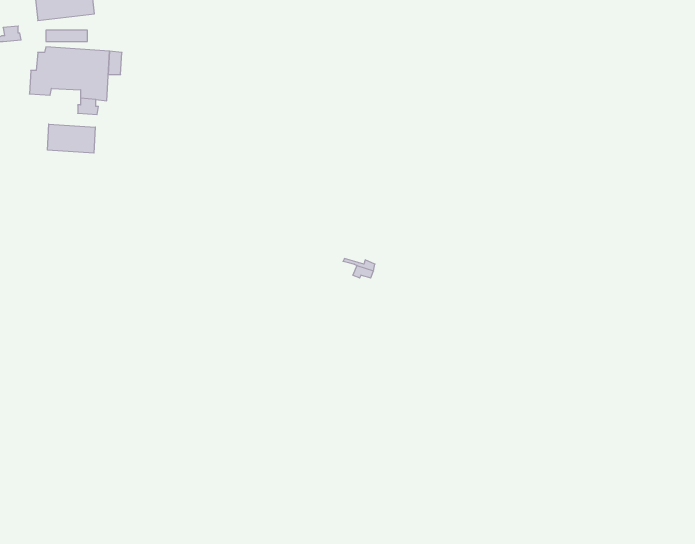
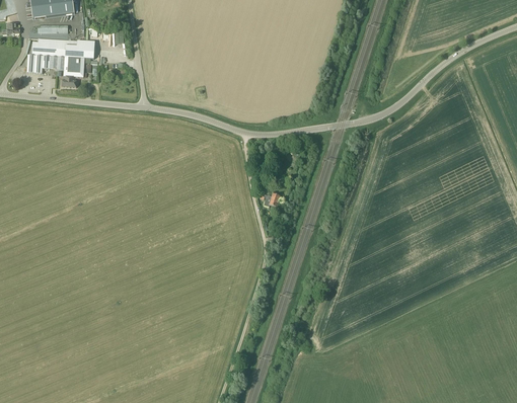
building: [48,124,95,153] -> none

